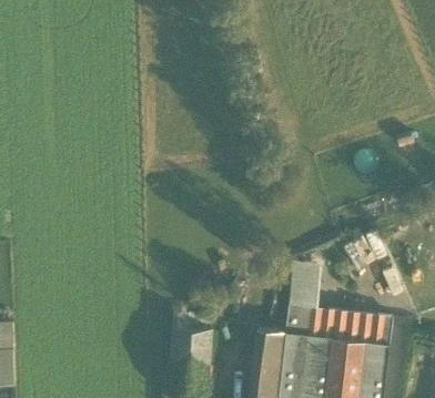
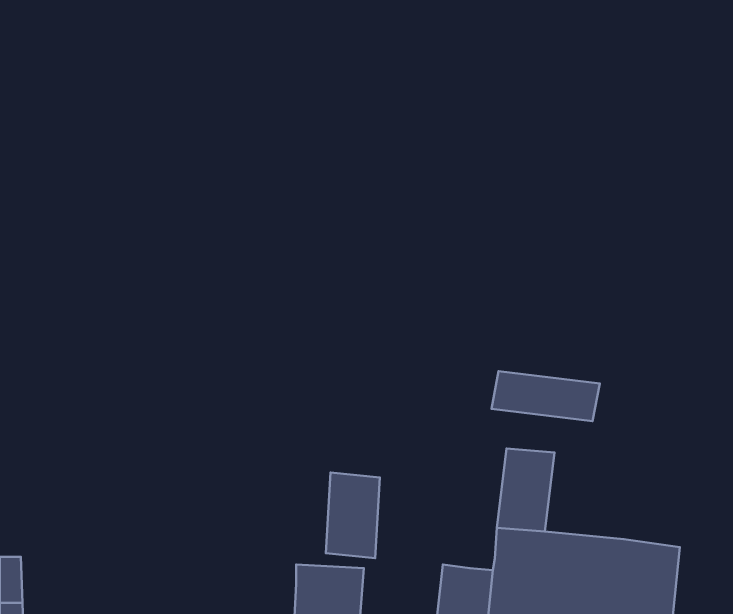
building: none -> [491,371,600,421]
building: none -> [326,473,380,558]

